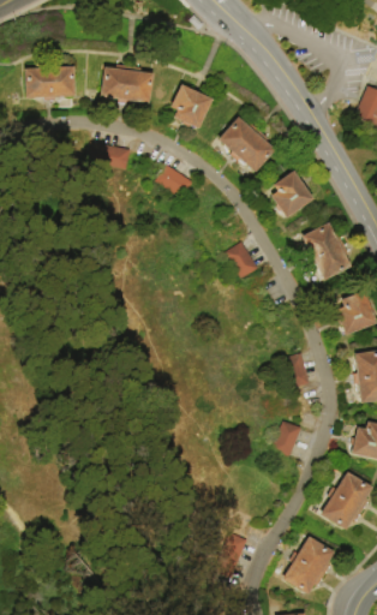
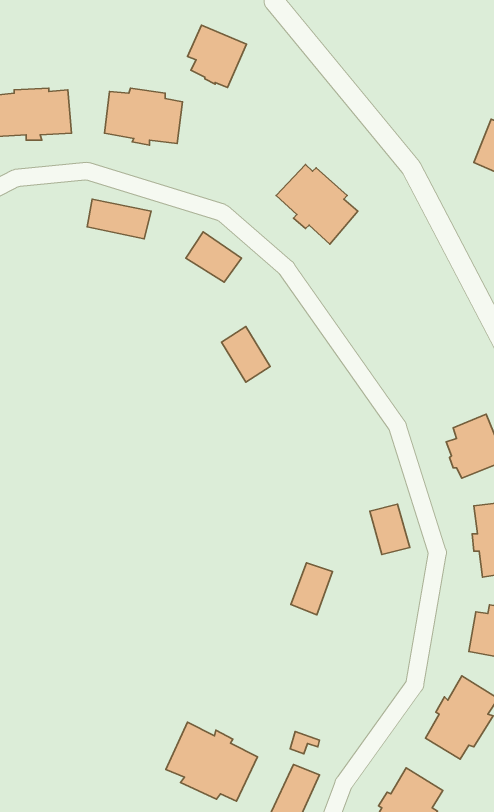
building: [172,85,213,129] -> [187,25,246,88]
building: [271,169,313,217] -> none
building: [303,221,352,280] -> none
building: [226,240,259,279] -> [221,327,270,382]
building: [270,419,299,455] -> [291,563,333,615]
building: none -> [166,722,258,801]

